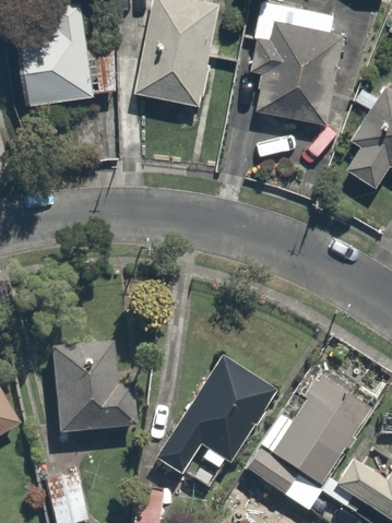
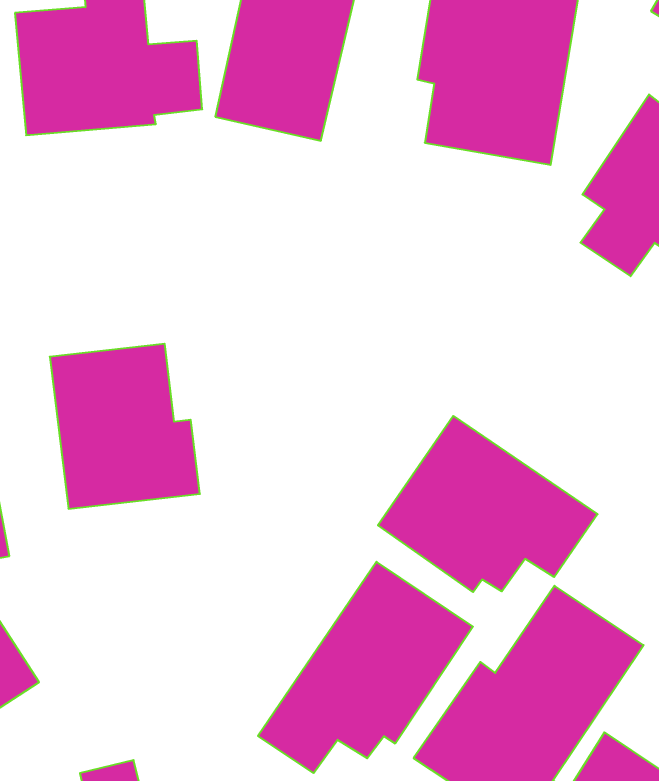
building: none -> [378,416,598,592]
building: [49,340,138,437] -> [50,344,200,509]

